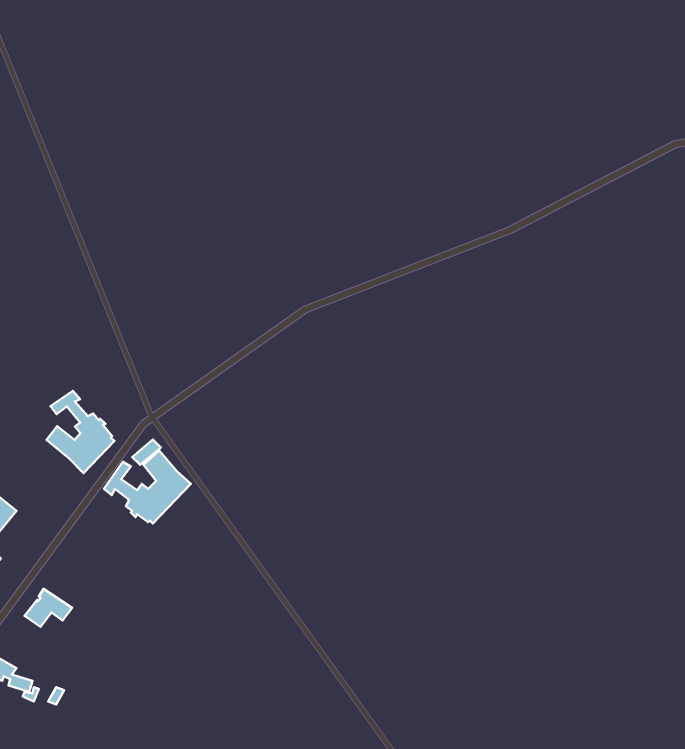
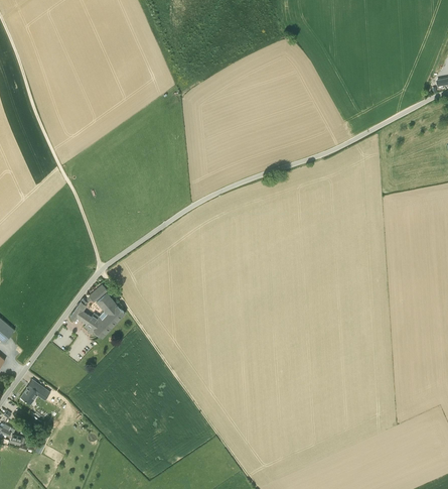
building: [46,391,115,473] -> none

